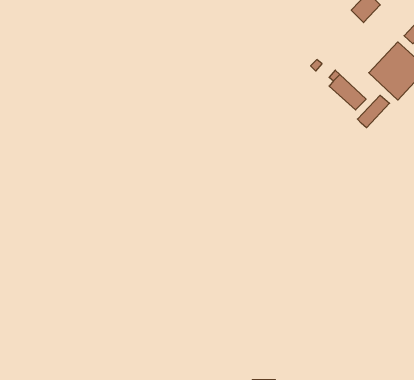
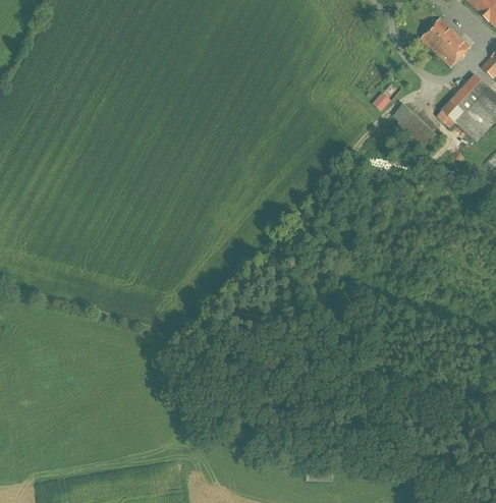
building: none -> [435,31,470,65]
building: [357,95,390,128] -> none

